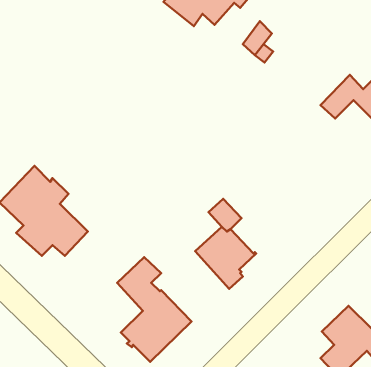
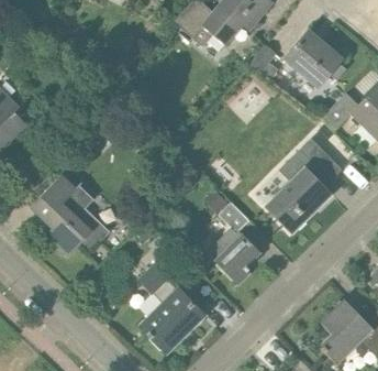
building: none -> [283,31,341,87]
building: none -> [264,137,341,231]

